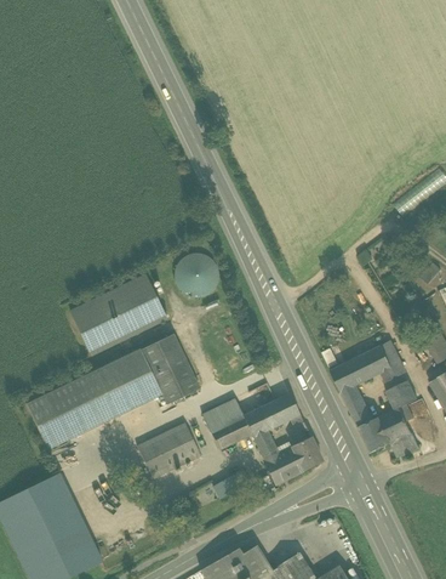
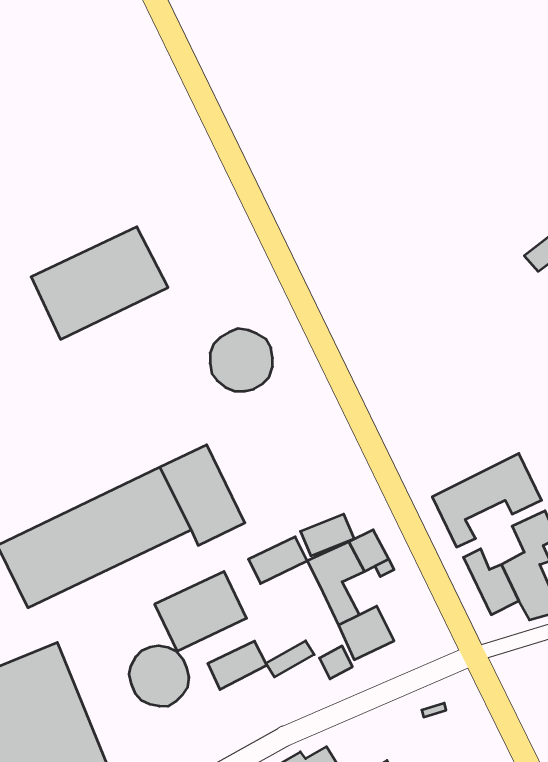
building: [70,276,166,354] -> [31,227,168,339]
building: [210,415,251,449] -> [208,641,267,690]
building: [291,437,322,471] -> none
building: none -> [129,646,189,706]

